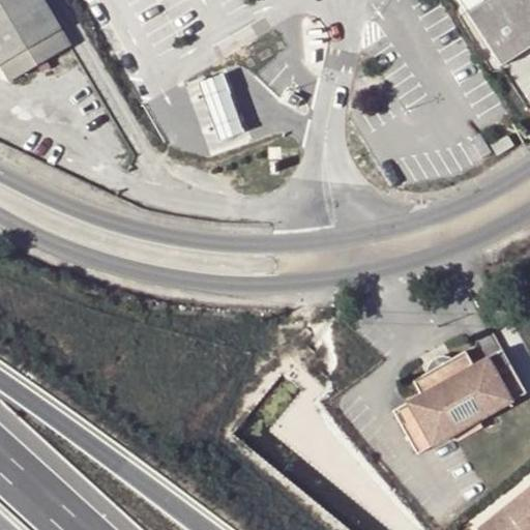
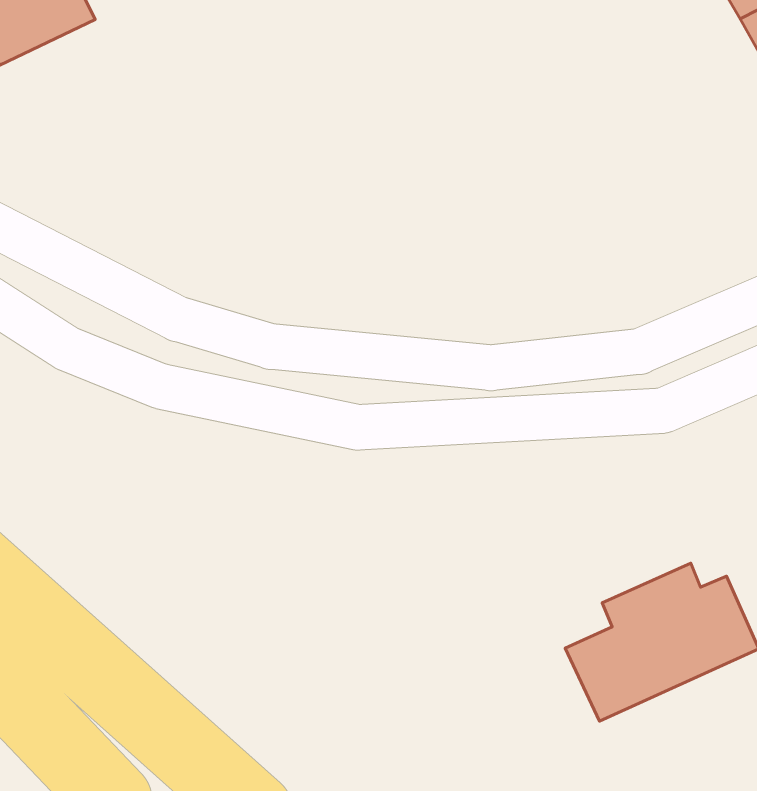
building: [197,69,243,136] -> none

